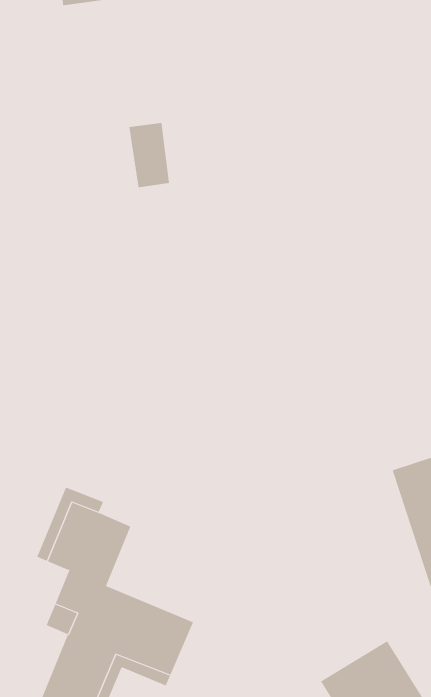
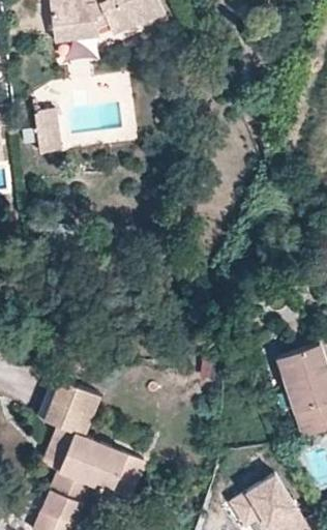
building: [129,122,170,188] -> [33,110,61,154]

